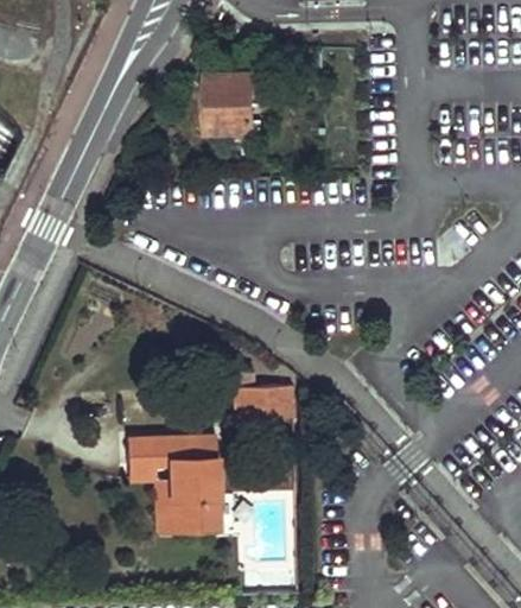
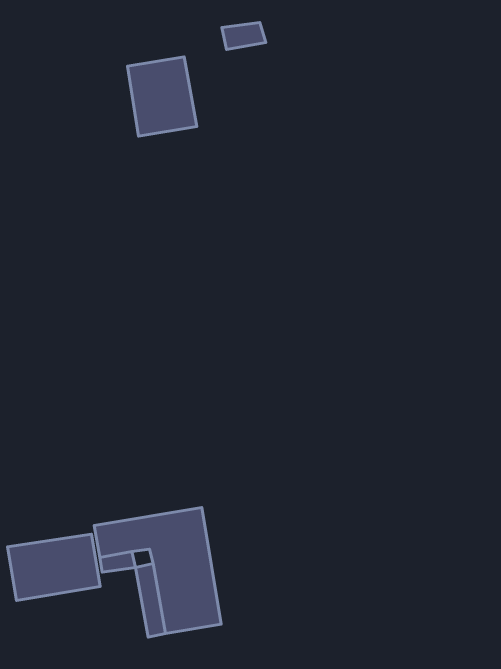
building: [231,390,292,423] -> none
building: none -> [8,534,100,601]

